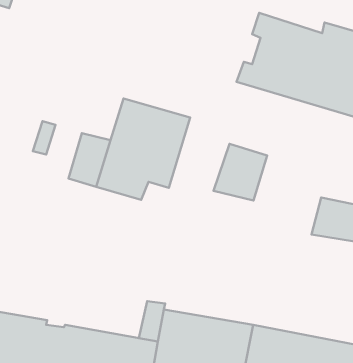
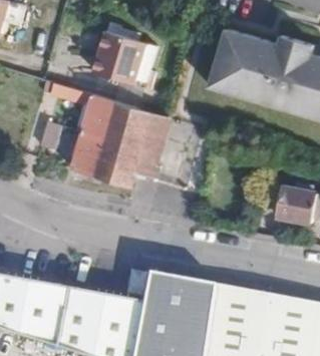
building: none -> [94,30,156,83]
building: none -> [68,87,115,135]
building: [214,144,267,200] -> none

